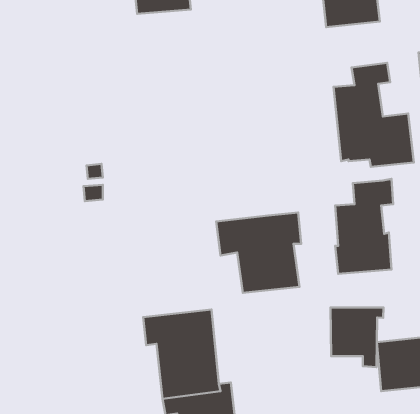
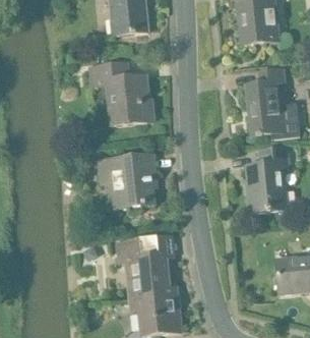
building: none -> [90,63,154,125]
building: [216,213,301,293] -> [99,154,157,209]
building: [331,308,383,367] -> none

